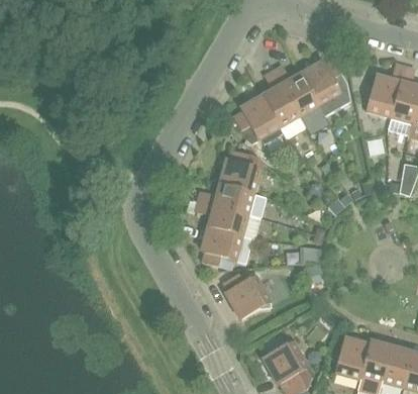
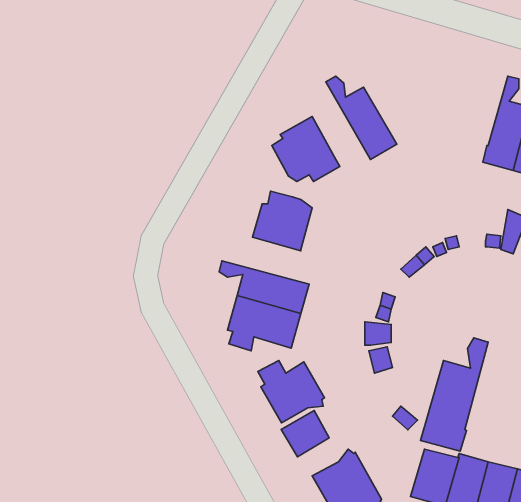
building: [300,58,350,114] -> none
building: [365,63,405,115] -> none
building: [263,69,305,136] -> none
building: [197,182,266,216] -> none
building: none -> [421,338,488,451]
building: none -> [281,411,329,457]

